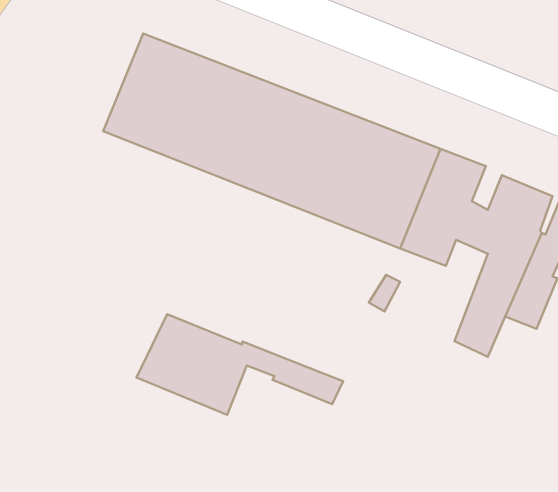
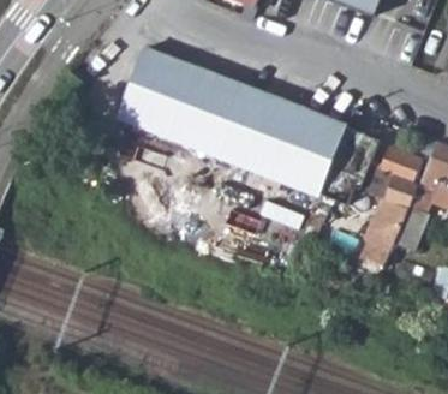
building: [136,314,343,415] -> none

